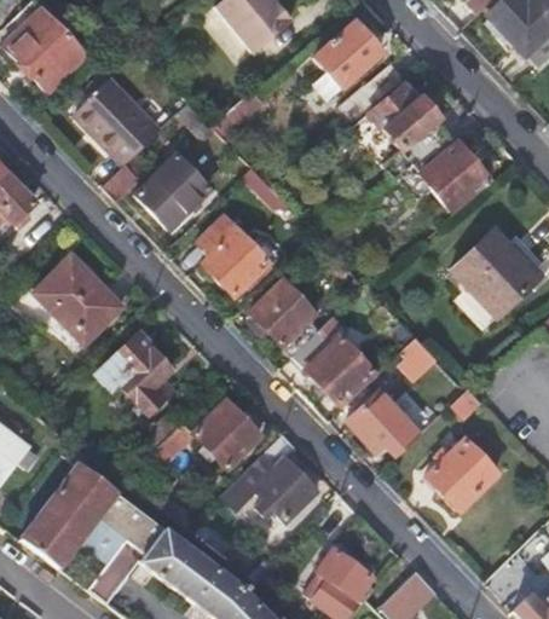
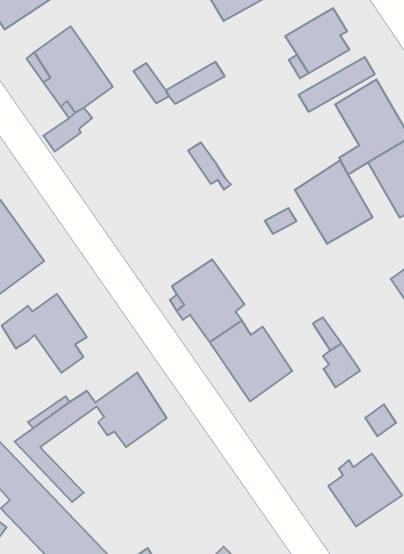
building: [134,154,212,231] -> none
building: none -> [295,160,372,244]
building: [192,215,271,294] -> none
building: [347,391,422,456] -> none
building: [219,433,322,525] -> none

